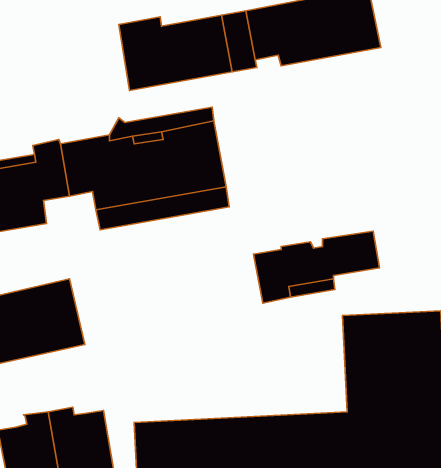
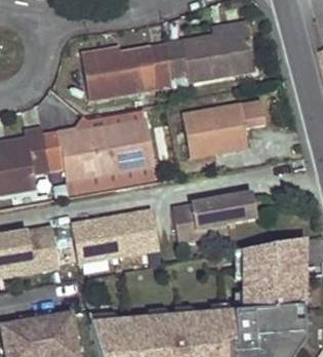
building: none -> [183,97,266,155]
building: none -> [69,208,157,262]

